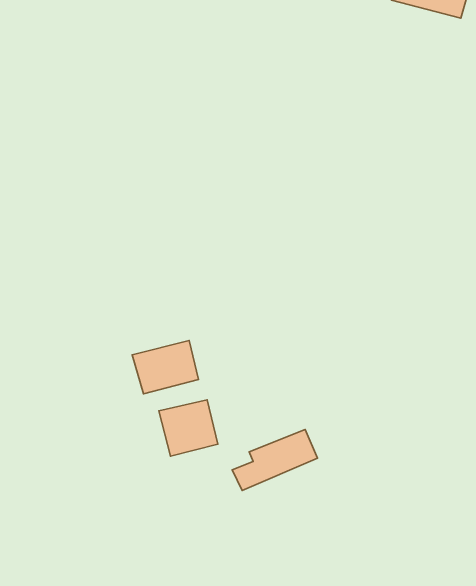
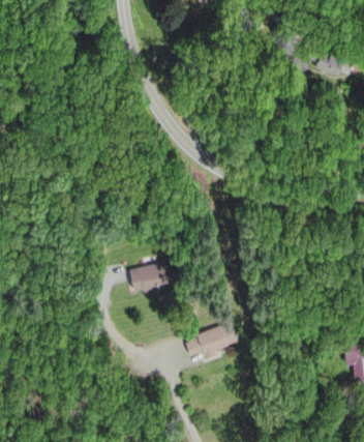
building: [159,400,218,456] -> none

